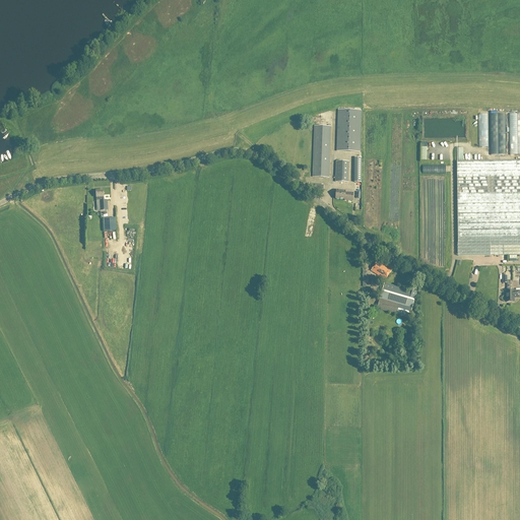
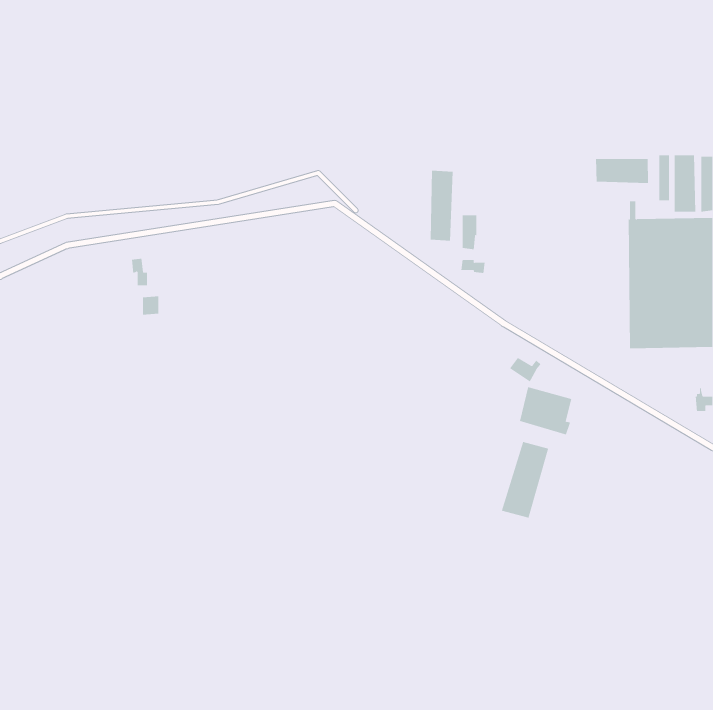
building: [336,108,362,149] -> none
building: none -> [596,158,648,184]
building: none -> [501,441,549,519]

